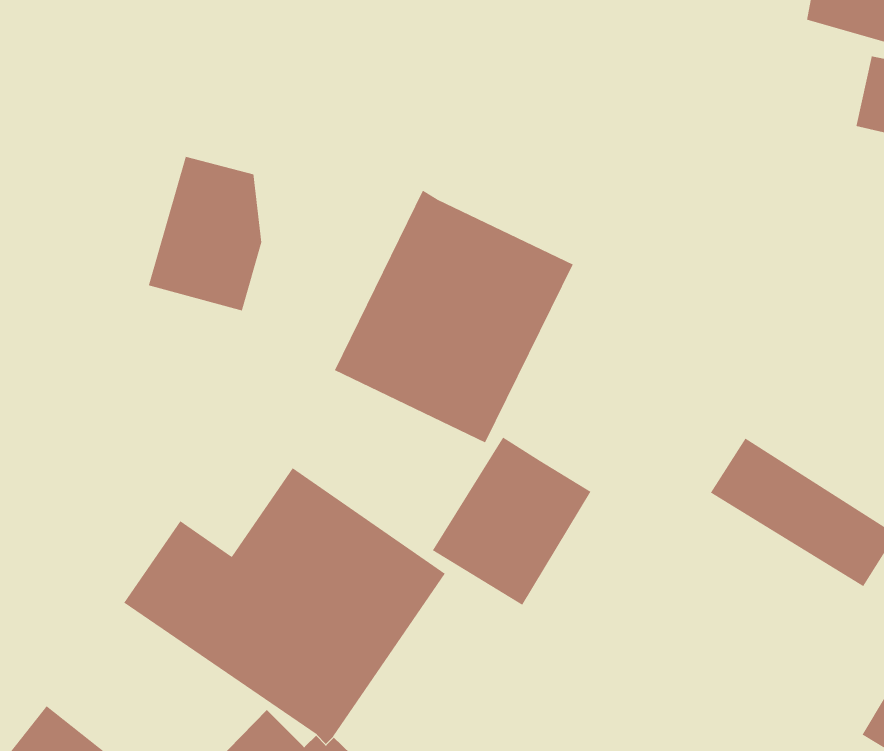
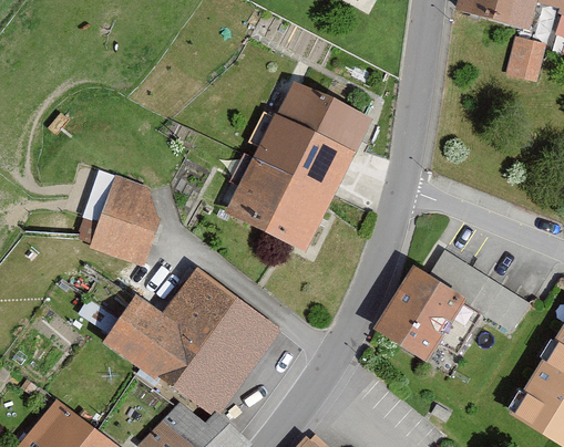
building: none -> [277,82,369,152]
building: [148,156,262,312] -> [92,177,156,264]
building: [432,436,591,606] -> [369,267,459,362]

